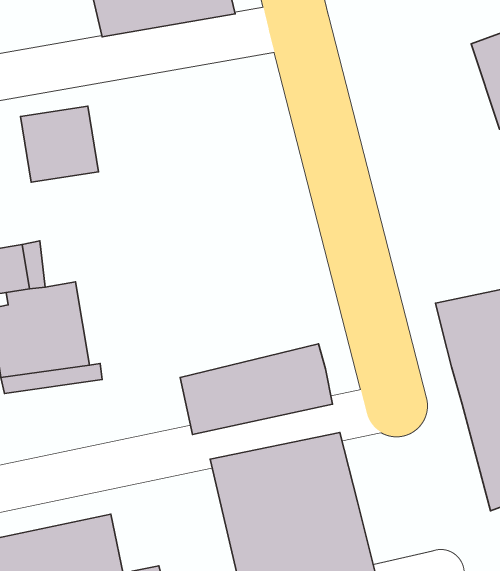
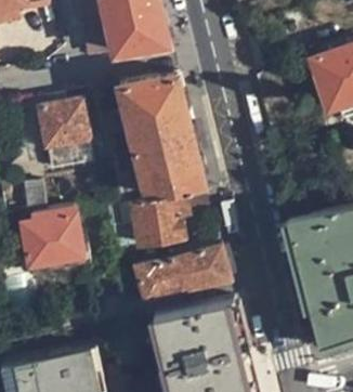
building: none -> [104,73,206,196]
building: none -> [45,140,91,169]
building: none -> [131,196,187,245]

